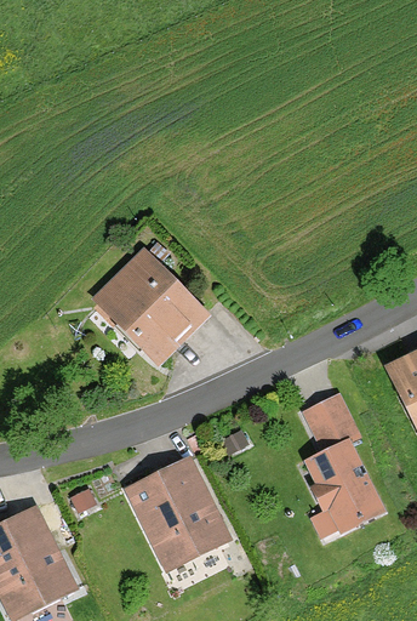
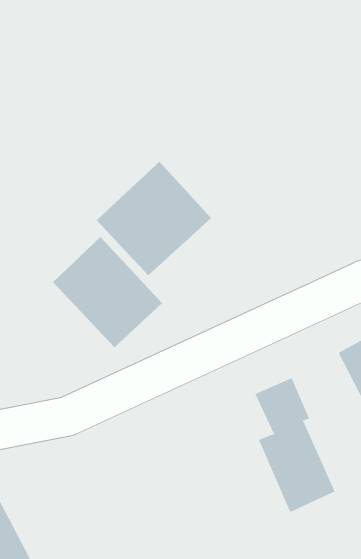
building: none -> [96,161,212,276]
building: [126,457,230,570] -> none

